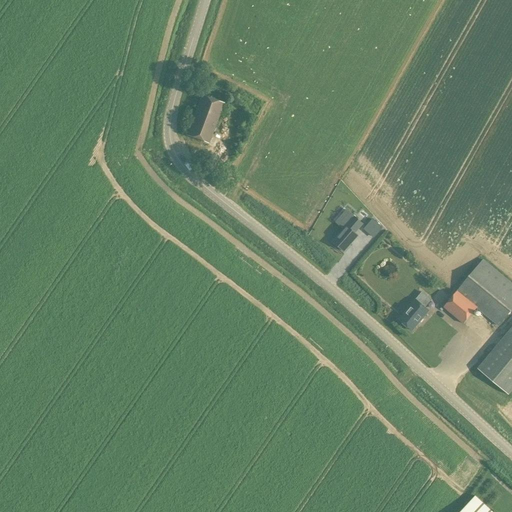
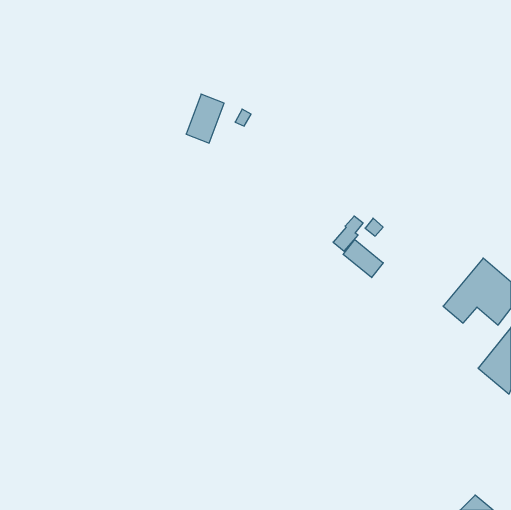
building: none -> [343,240,383,278]
building: [399,299,429,330] -> none

